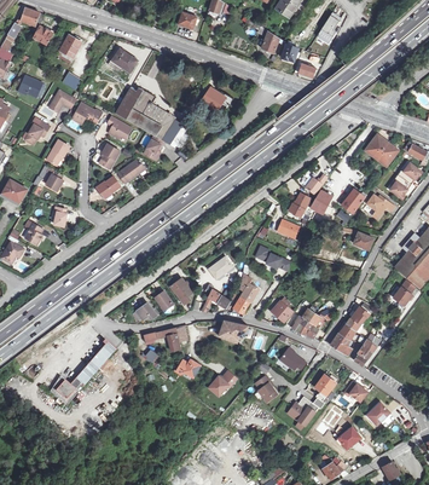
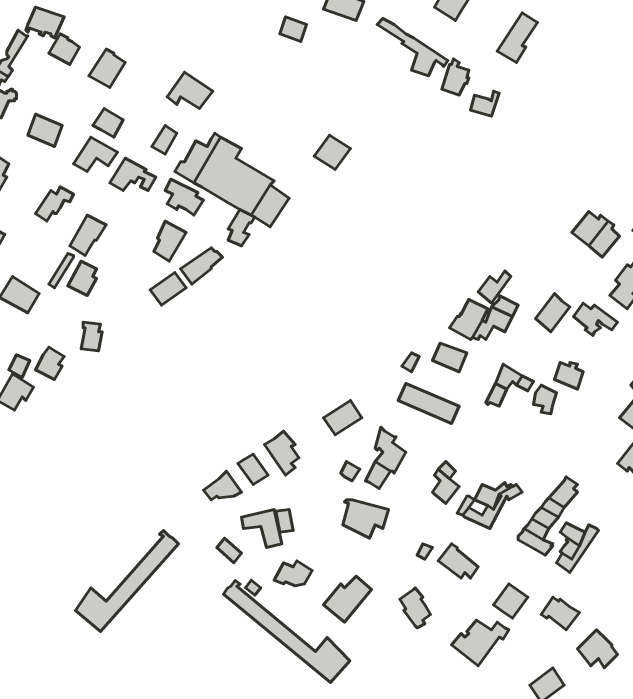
building: none -> [223,580,350,683]

